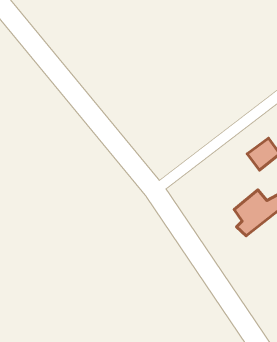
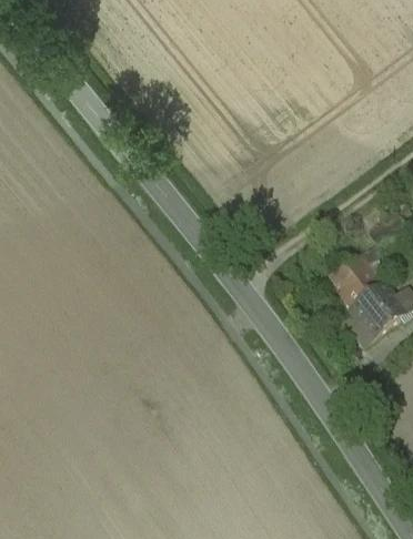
building: none -> [325,247,381,307]

